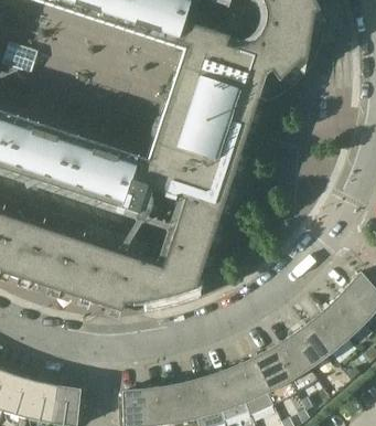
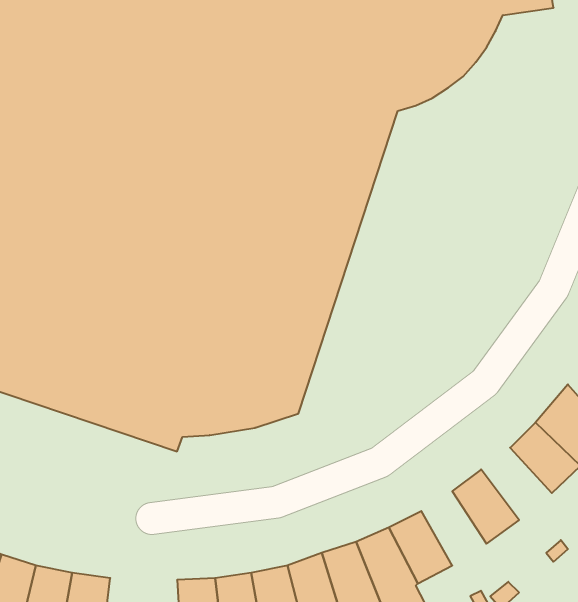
building: [308,309,351,353] -> none
building: [271,336,319,392] -> none

